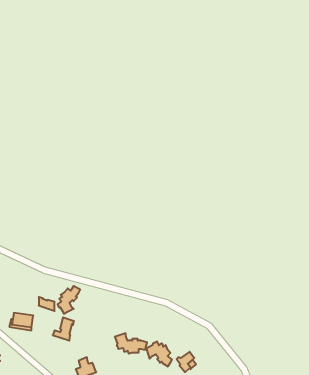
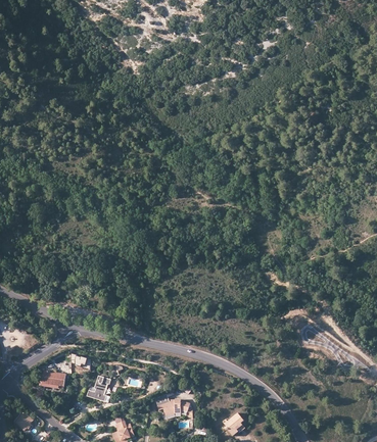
building: [58,286,80,314] -> none
building: [146,341,172,367] -> none

